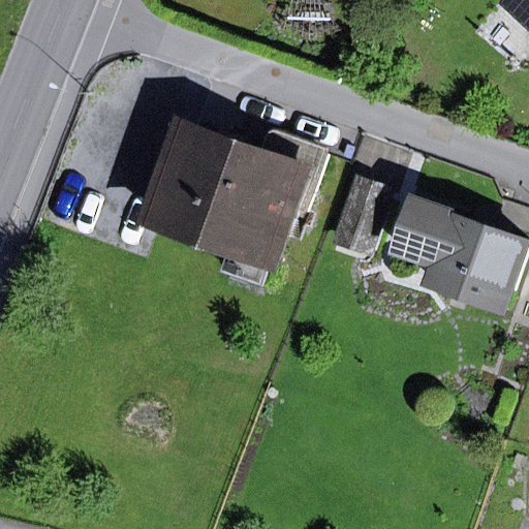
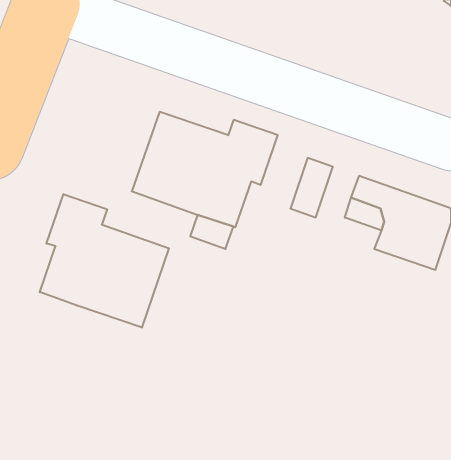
building: none -> [40,194,169,328]

